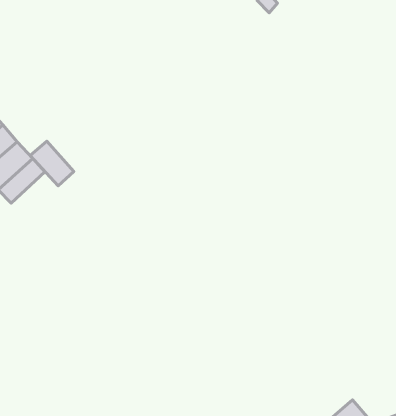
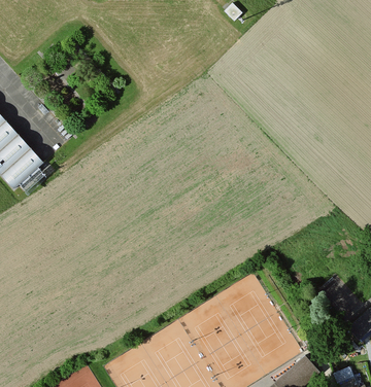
building: [30,141,74,186] -> none

